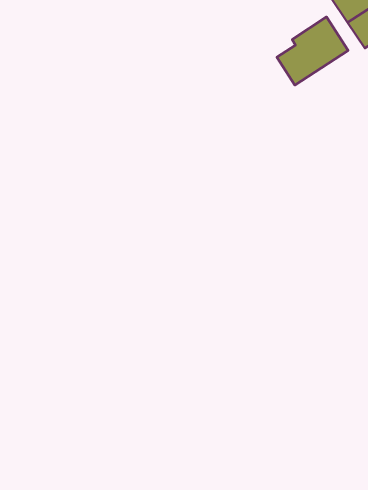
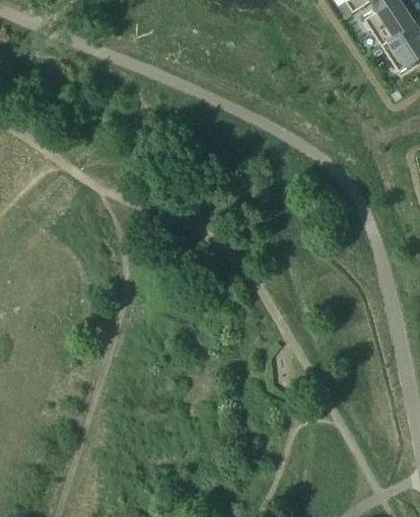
building: [277,17,348,85] -> none

